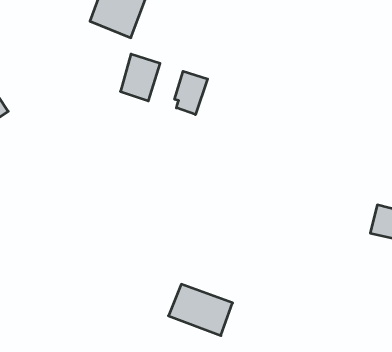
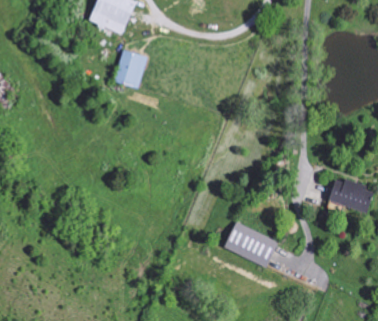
building: [175,71,208,115] -> none
building: [168,284,233,336] -> [223,223,278,267]

